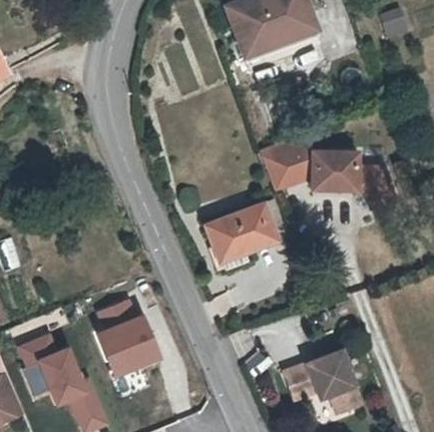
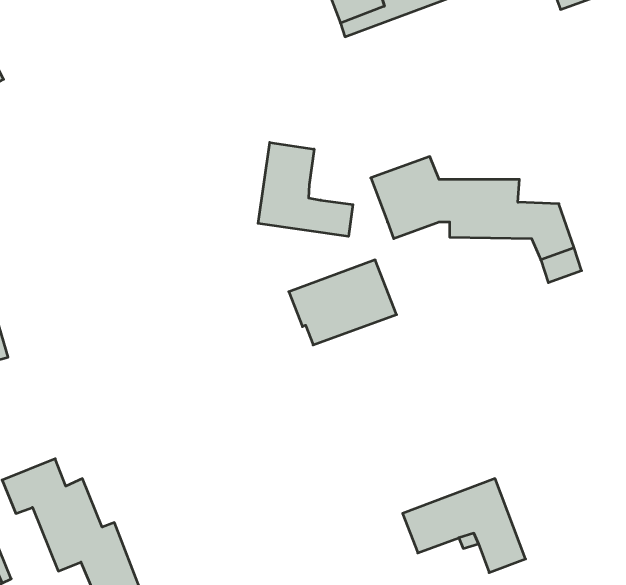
building: none -> [258,142,353,236]
building: [94,301,160,378] -> none

